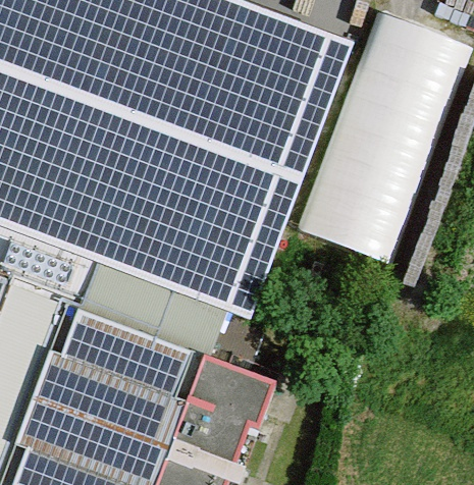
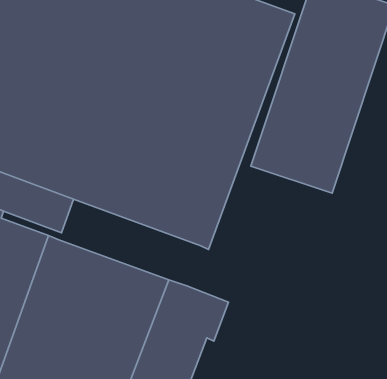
building: [72,269,240,371] -> none

